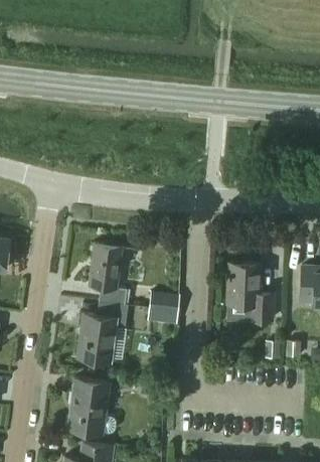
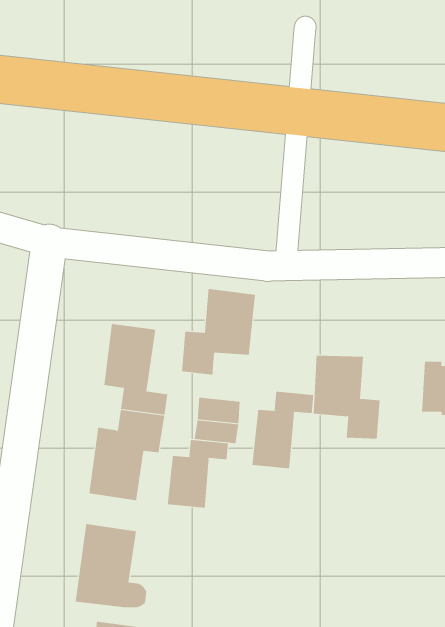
building: none -> [182,288,256,375]
building: none -> [252,391,314,469]
building: none -> [167,439,228,509]

